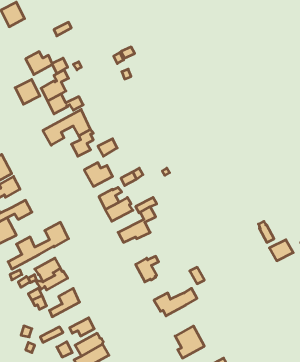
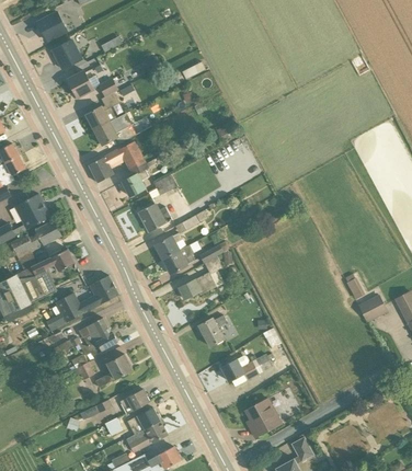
building: [15,79,40,104] -> [52,38,81,68]

